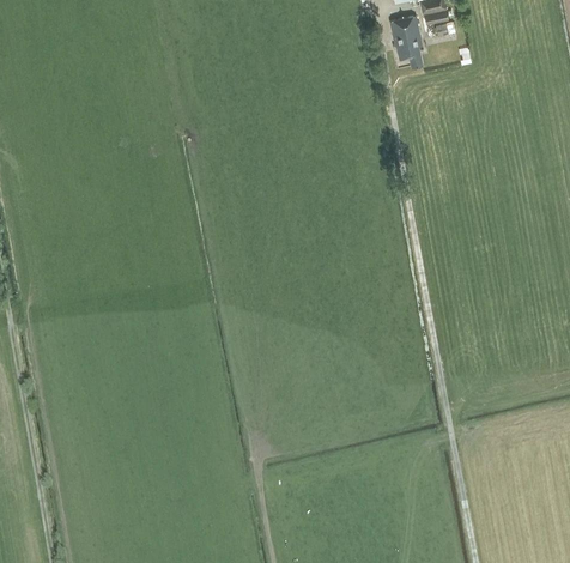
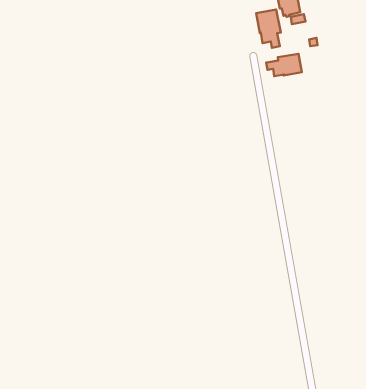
building: none -> [266,54,302,76]

